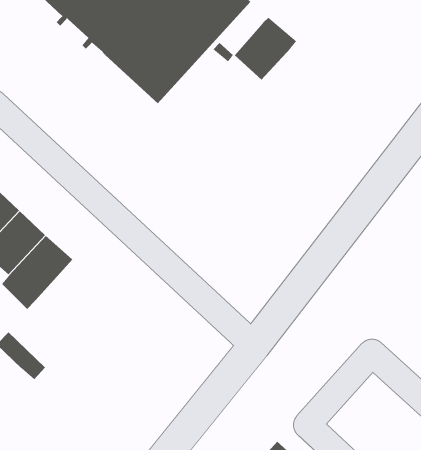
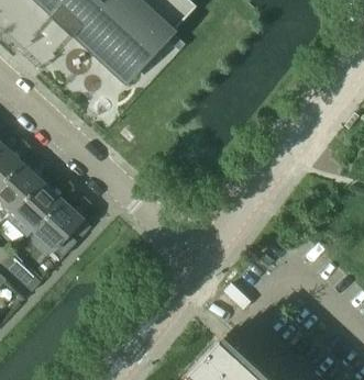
building: [234,17,297,81] -> none
building: none -> [32,201,81,258]

